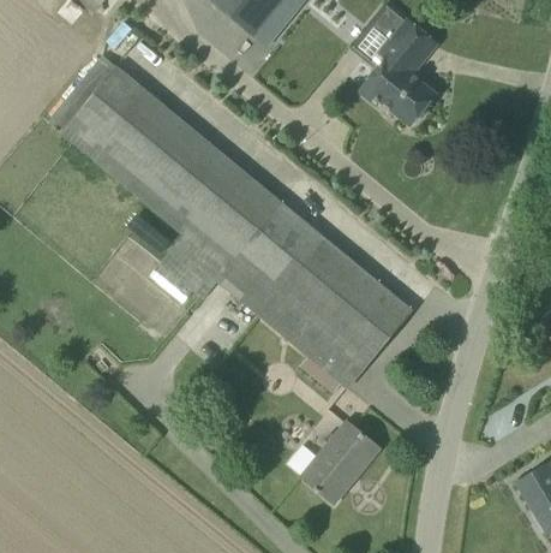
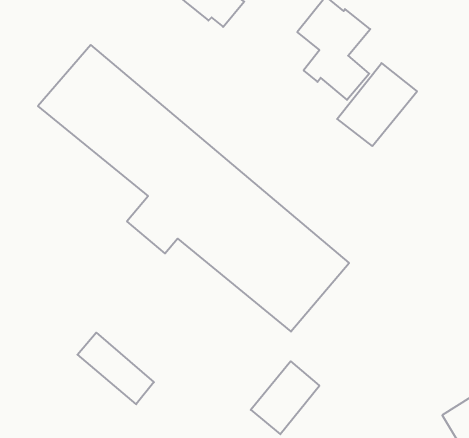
building: none -> [337,63,417,146]
building: none -> [77,333,154,404]

